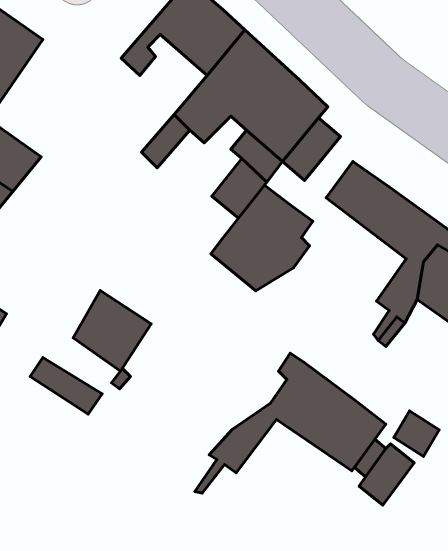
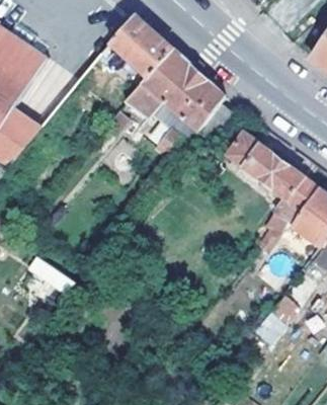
building: [211,185,313,291] -> none
building: [73,290,151,371] -> none
building: [195,353,386,493] -> none

